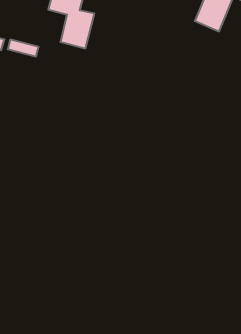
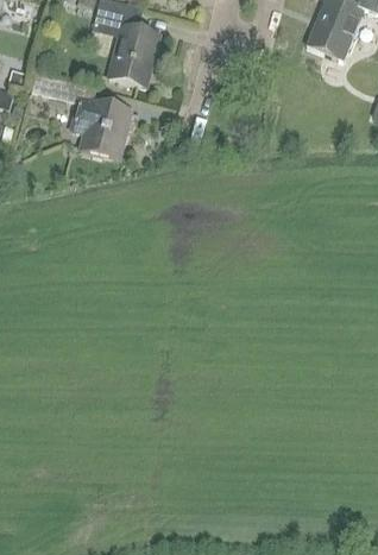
building: none -> [73,97,139,158]

